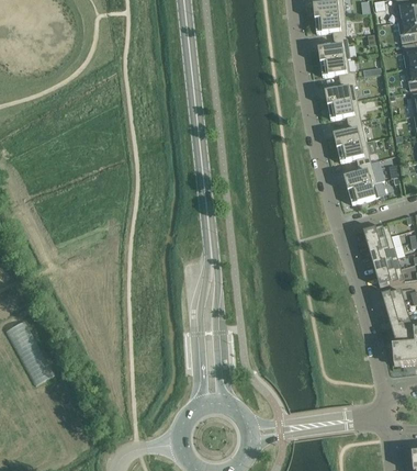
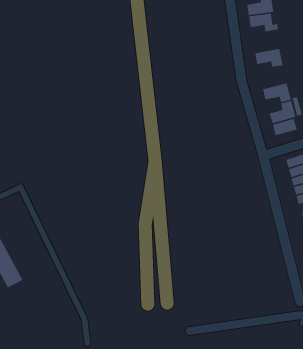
building: [326,77,358,104] -> none
building: [334,120,367,147] -> none

